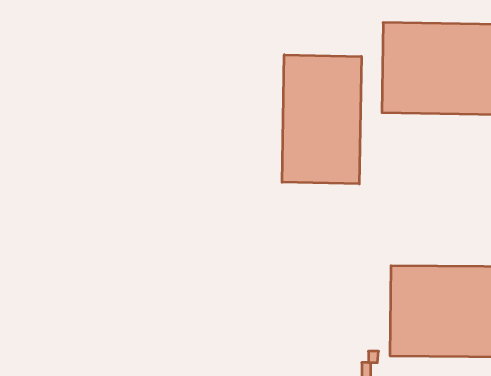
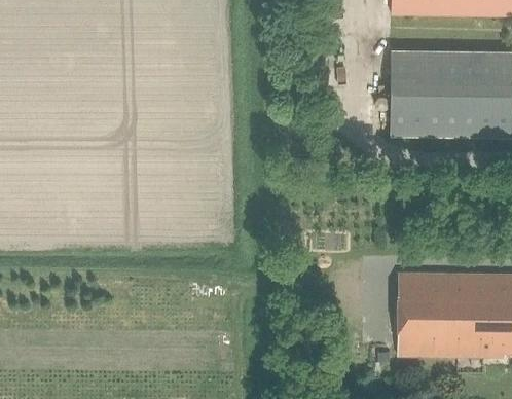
building: [282,55,361,184] -> none

